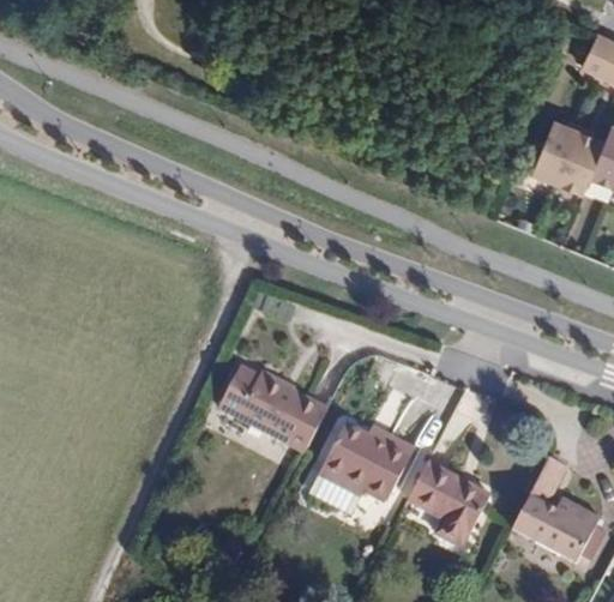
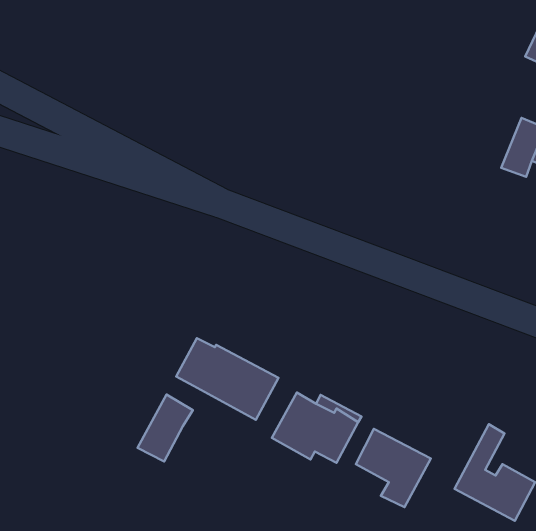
building: [536,124,583,186] -> none
building: none -> [137,394,193,462]

